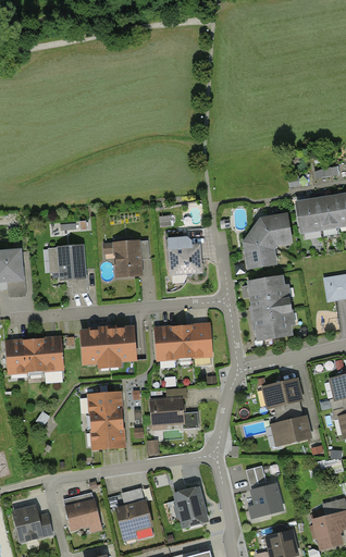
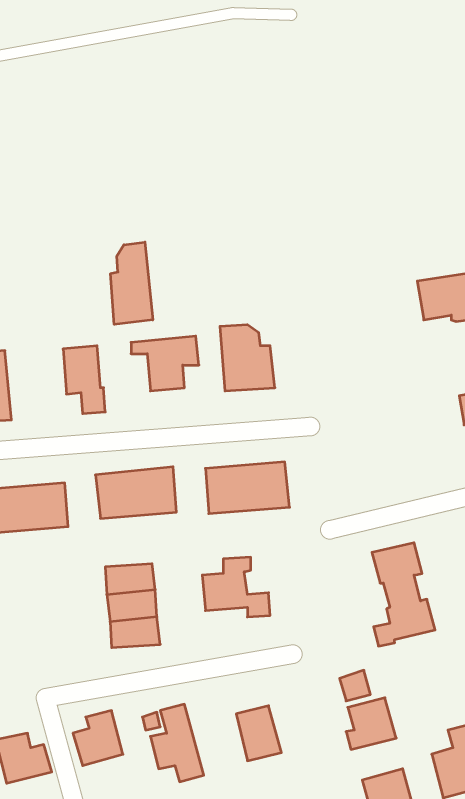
building: none -> [111,242,153,324]
building: [245,215,287,267] -> none
building: [242,277,291,338] -> none

